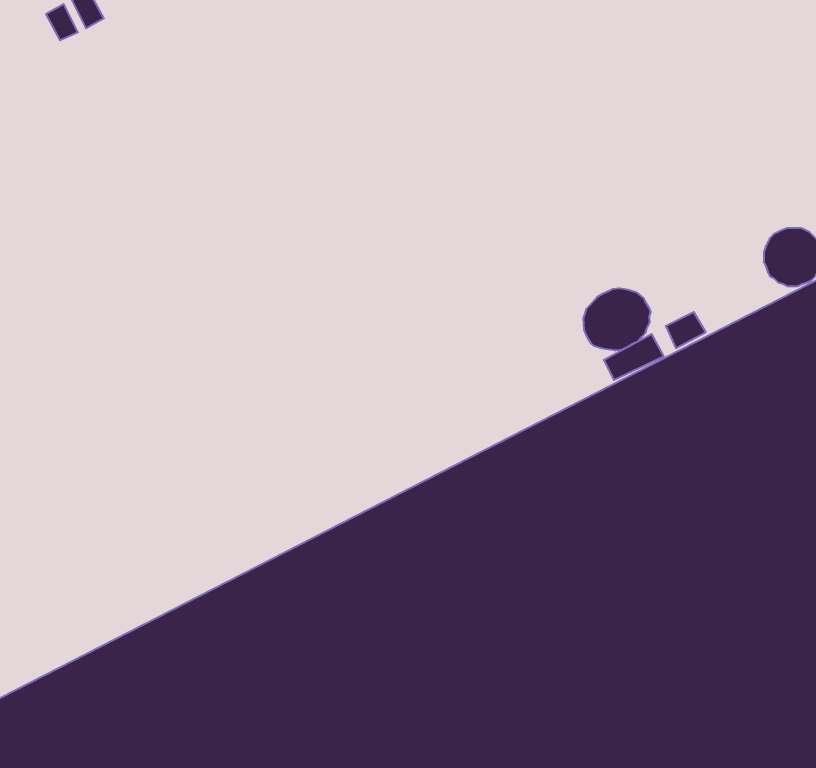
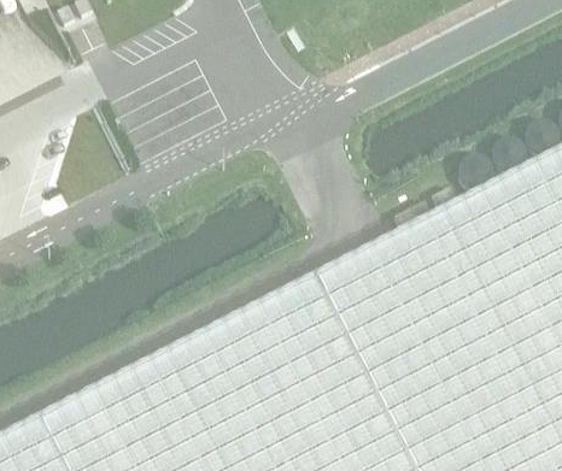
building: none -> [458,159,493,195]
building: [584,288,651,351] -> none

